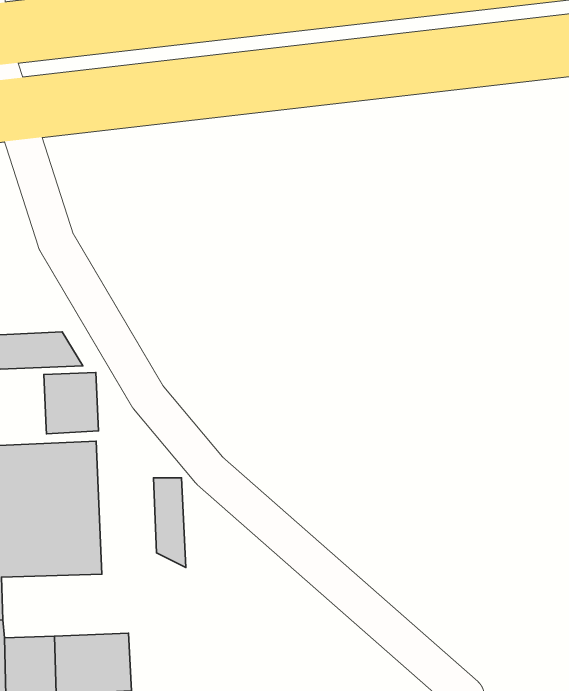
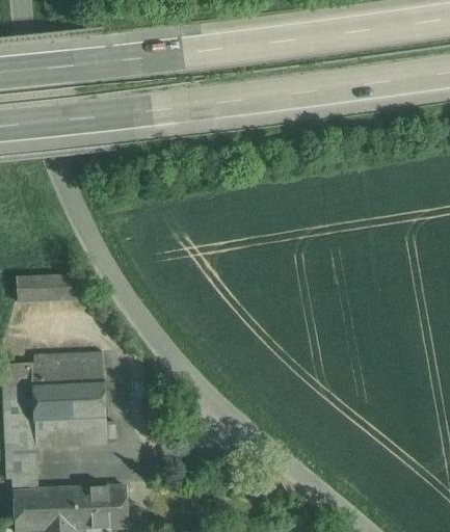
building: [44,373,98,434] -> none
building: [154,478,186,567] -> none

